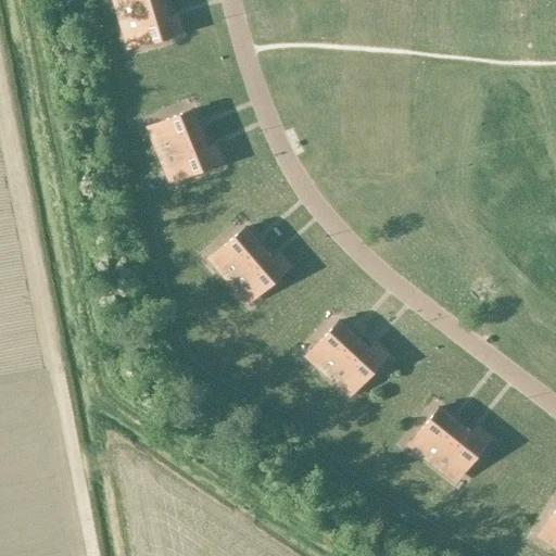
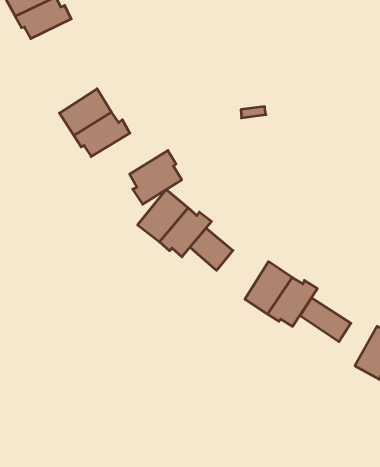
building: none -> [130,150,182,204]
building: none -> [190,228,233,270]
building: none -> [300,298,351,342]

